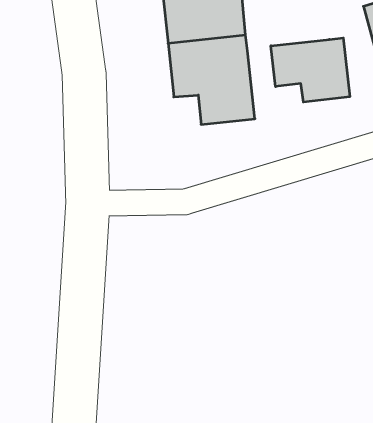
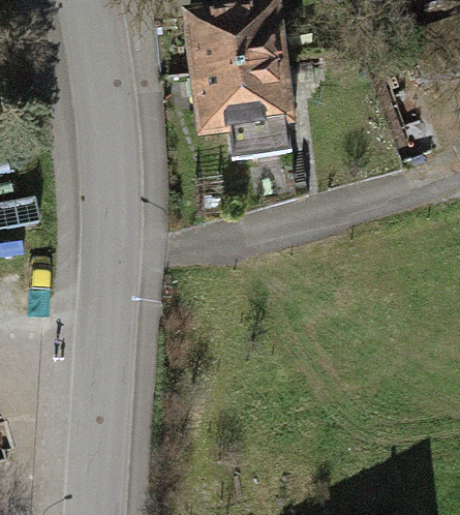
building: [271,38,350,102] -> none

